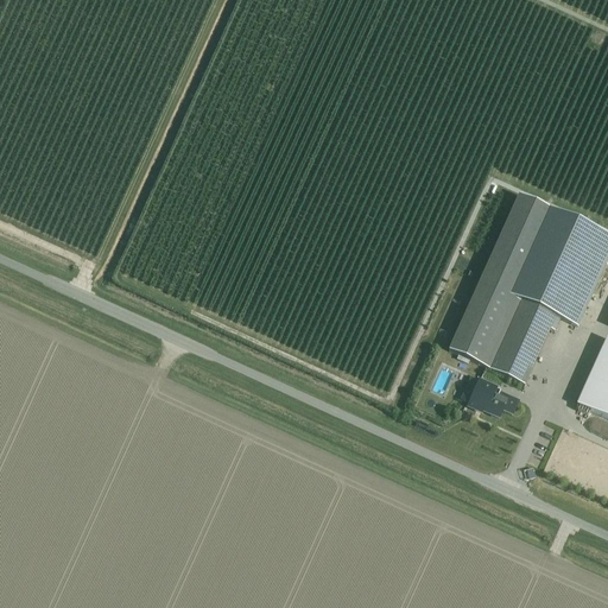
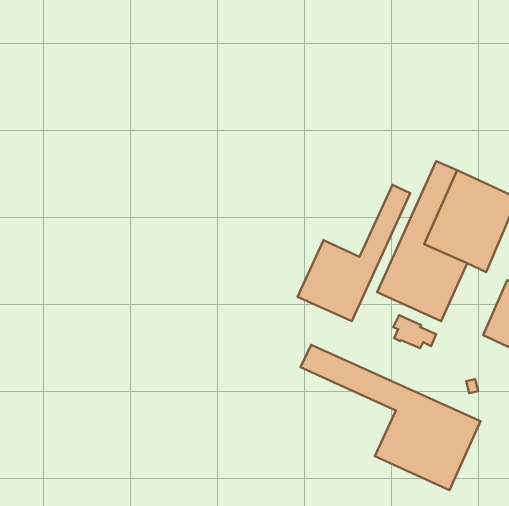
building: none -> [298,185,410,321]
building: none -> [301,345,480,490]

